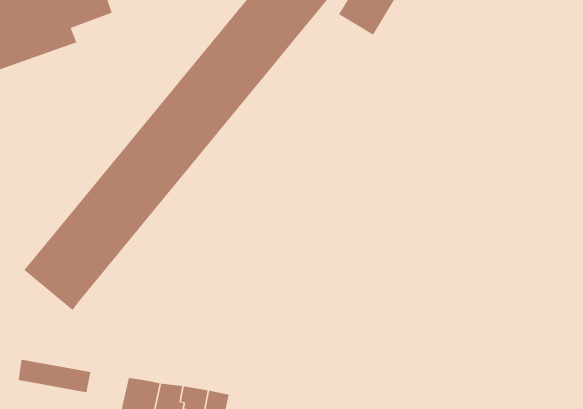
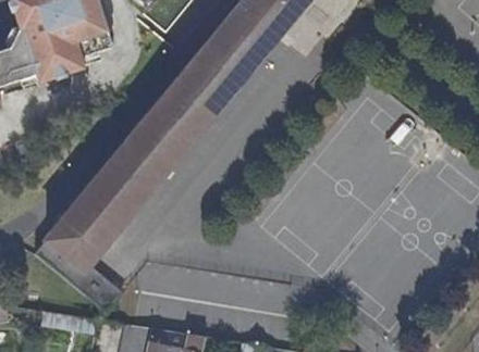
building: none -> [33,240,119,312]

